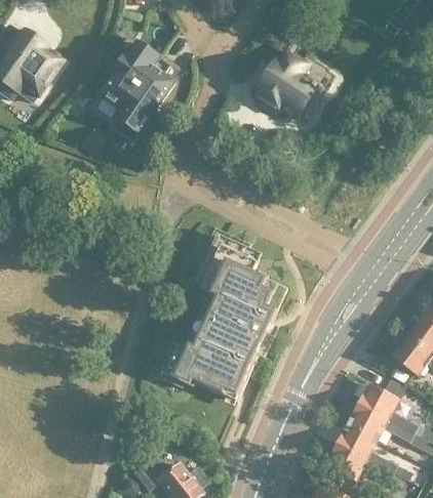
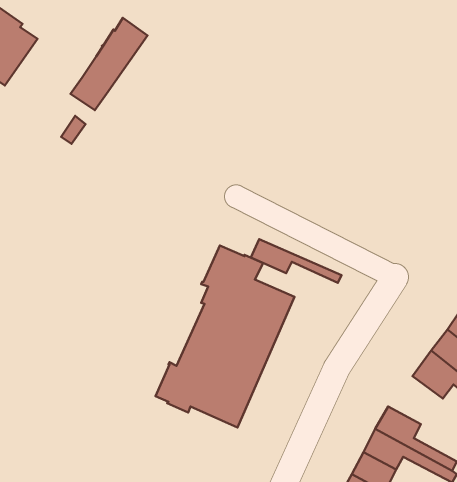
building: [254,50,333,121] -> none
building: [110,57,174,141] -> none
building: none -> [251,239,342,283]

